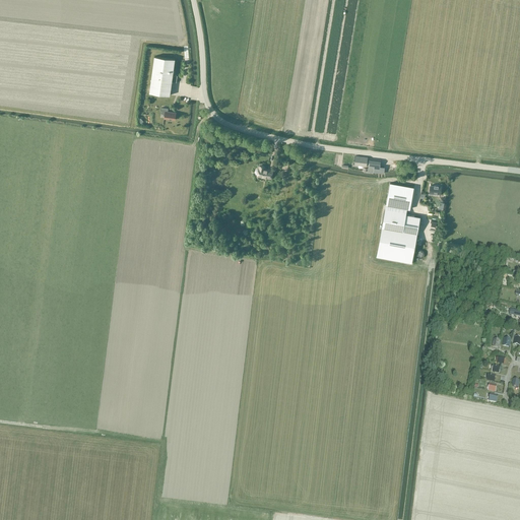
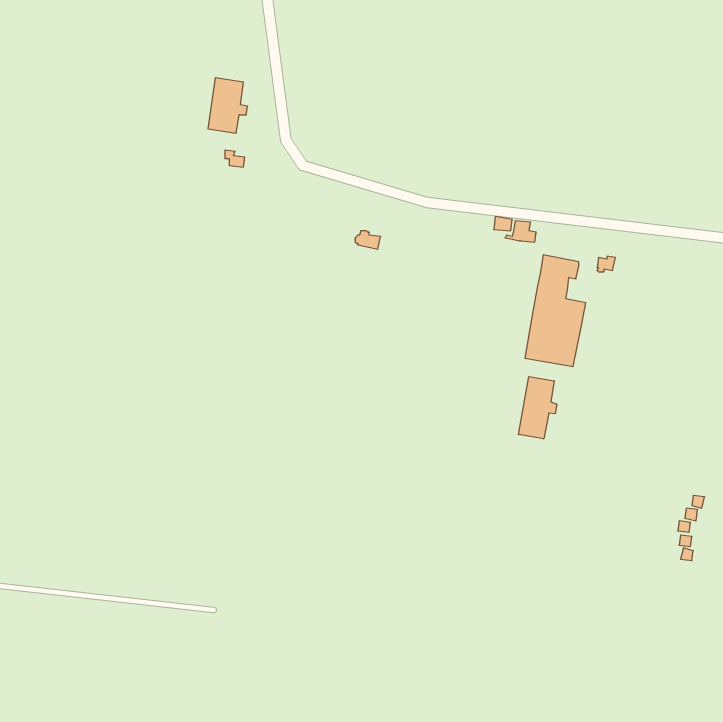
building: none -> [518,377,557,439]

